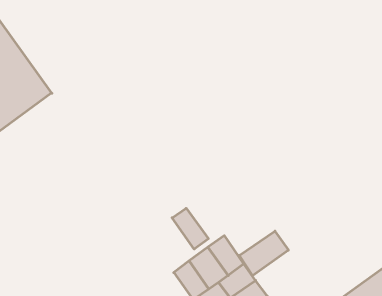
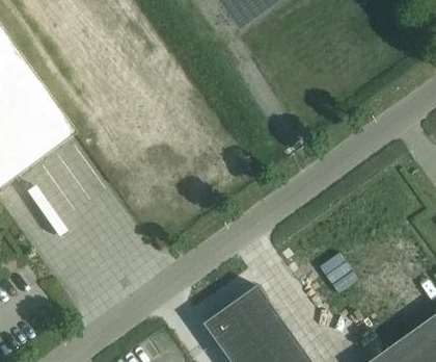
building: [172,208,208,249] -> none
building: [239,231,288,276] -> none

